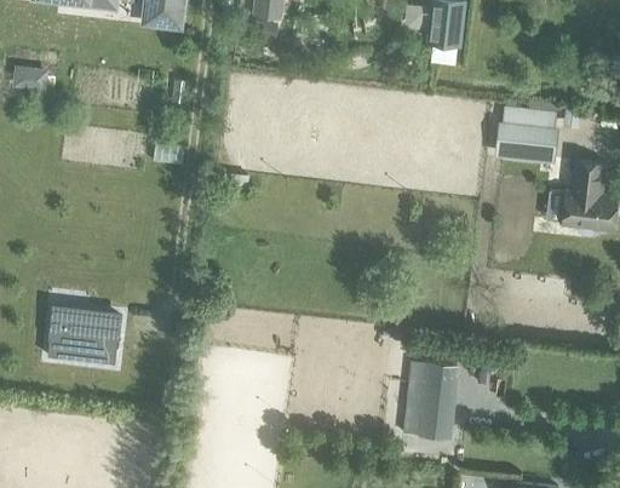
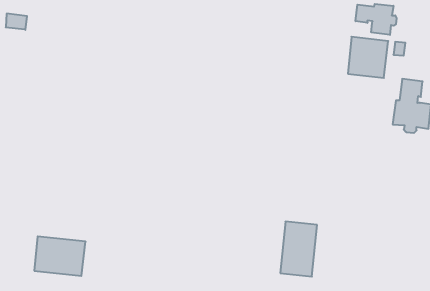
building: none -> [356,4,397,35]
building: [47,308,120,363] -> [34,236,86,276]

